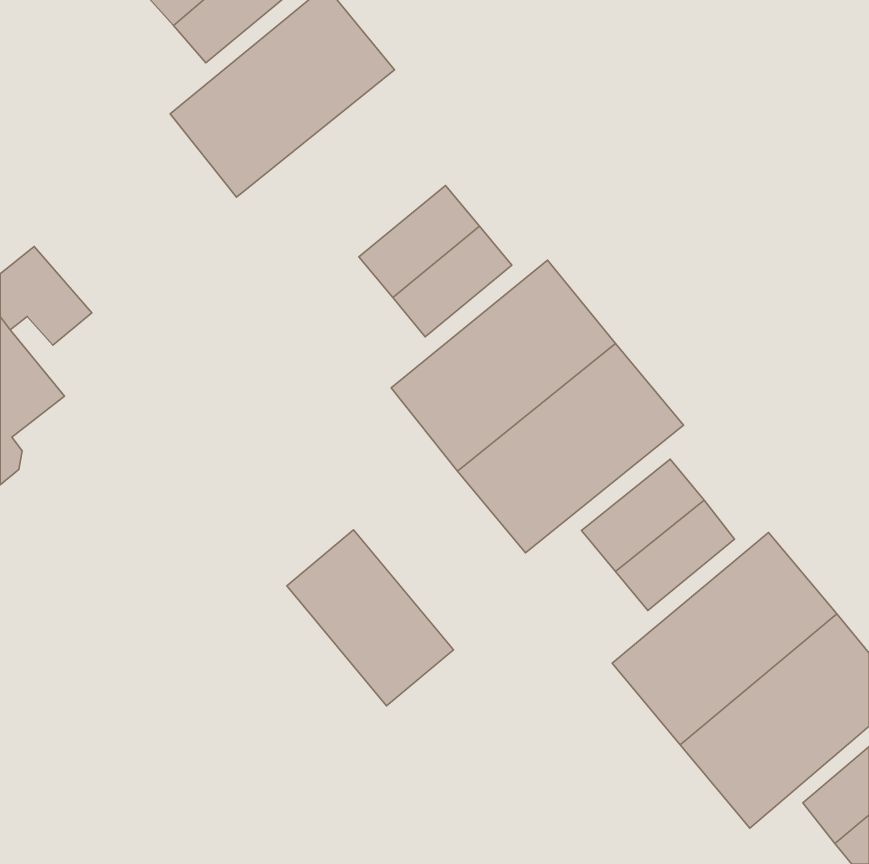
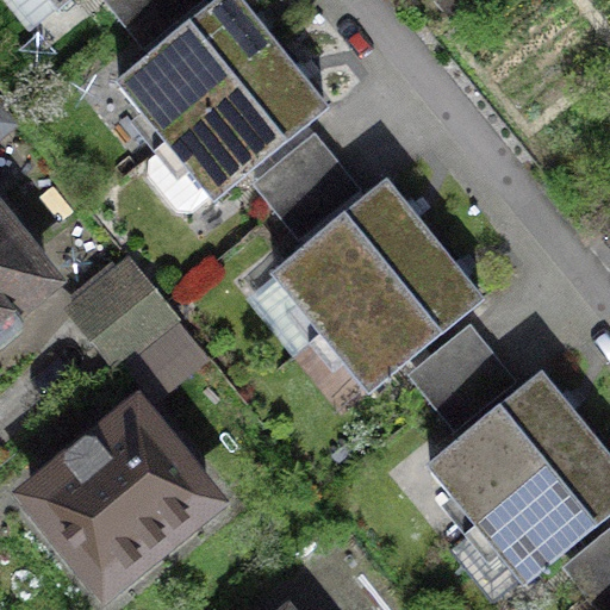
building: none -> [166,49,323,195]
building: none -> [71,256,179,363]
building: [287,530,453,706] -> none
building: none -> [29,409,210,586]

